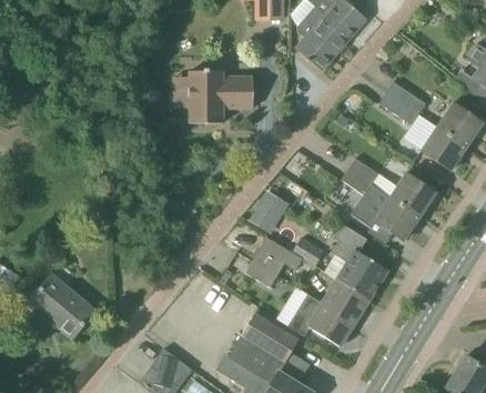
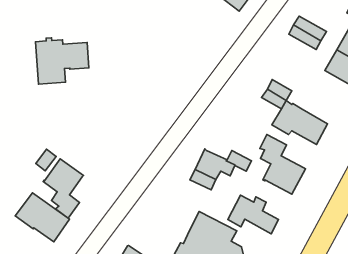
building: [190,68,253,123] -> [36,38,89,84]
building: [389,172,436,216] -> none
building: [249,190,288,234] -> none
building: none -> [43,159,83,218]
building: [325,280,369,330] -> none

